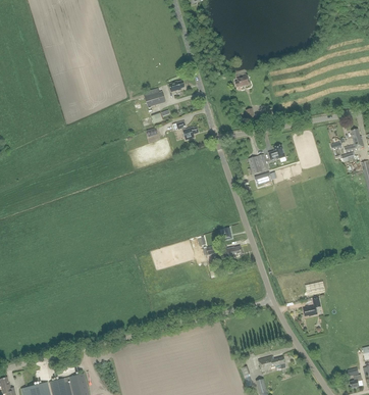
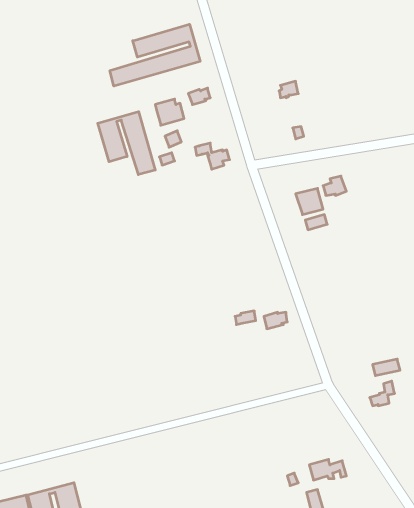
building: none -> [110,24,200,86]
building: none -> [98,112,155,175]

